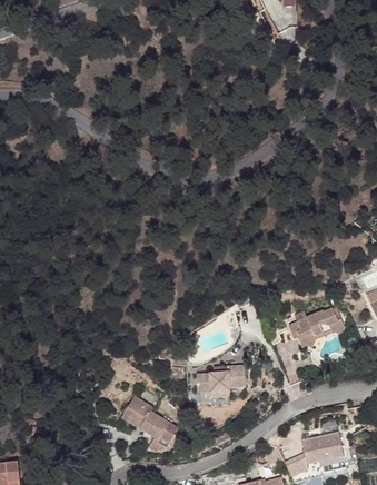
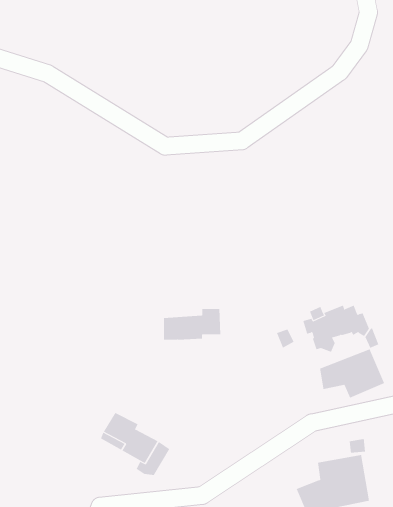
building: none -> [319,349,385,398]
building: [194,366,242,393] -> [163,308,221,340]

